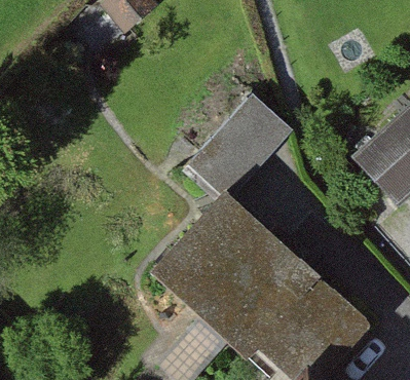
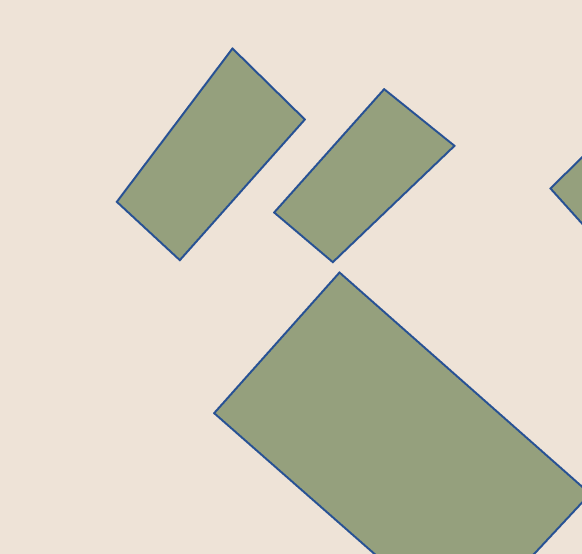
building: none -> [117,48,305,260]

